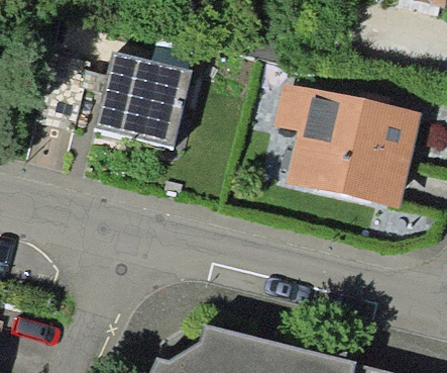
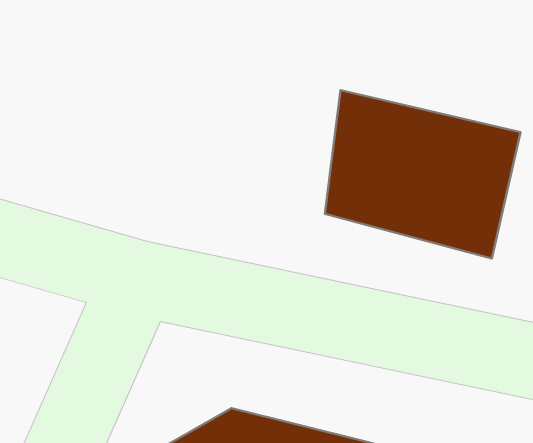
building: [93,42,199,156] -> none

